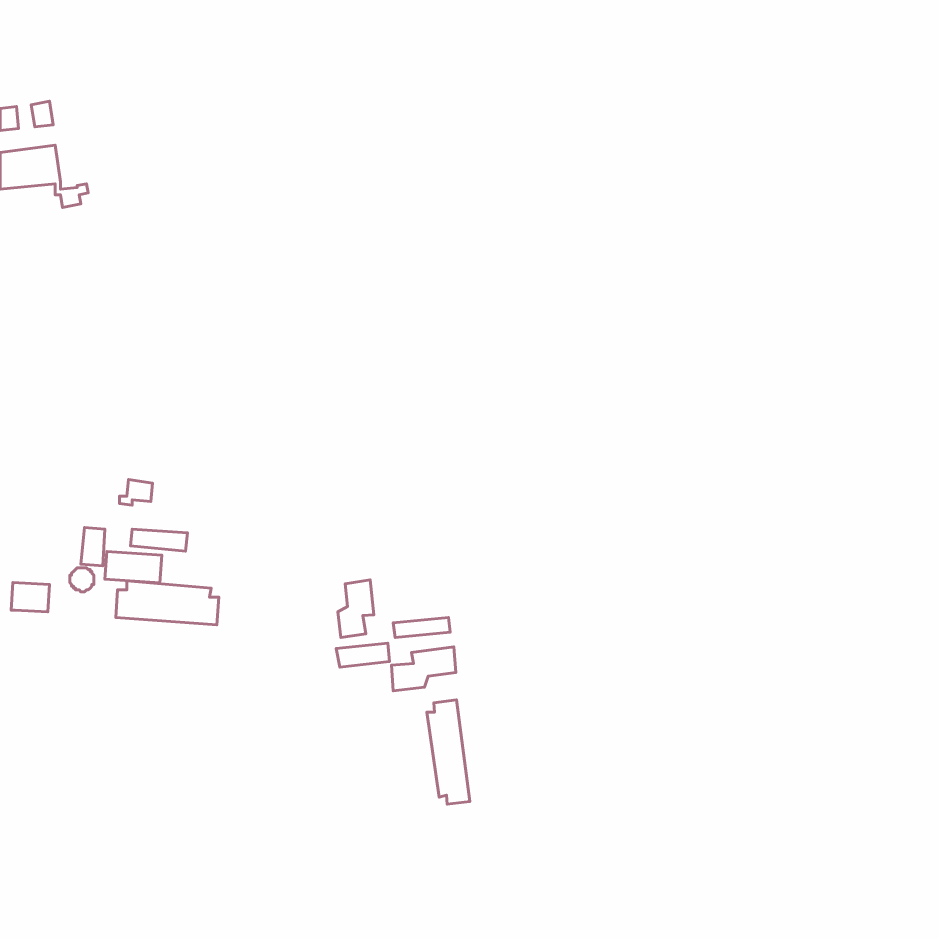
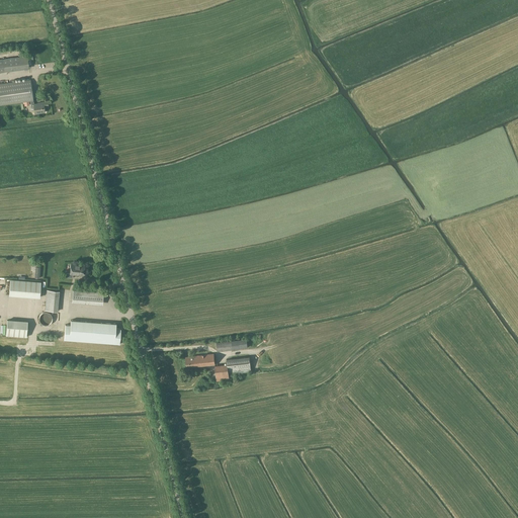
building: [105,552,162,583] -> [9,280,40,297]
building: [338,580,374,638] -> none
building: [427,700,470,804] -> none

